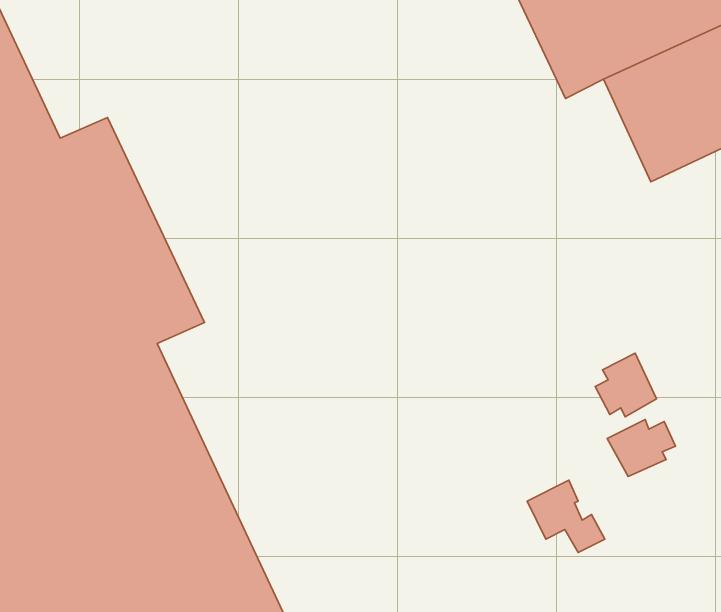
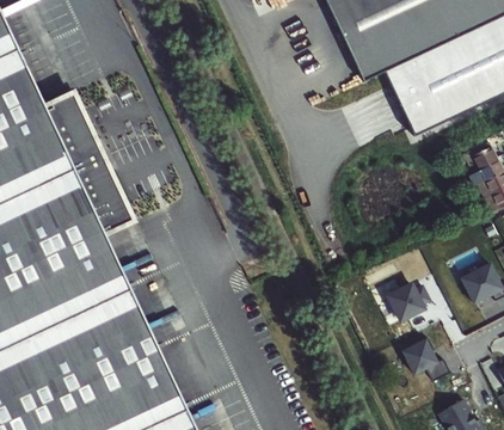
building: [595,353,656,417] -> none
building: [527,480,605,552] -> [402,336,451,381]

